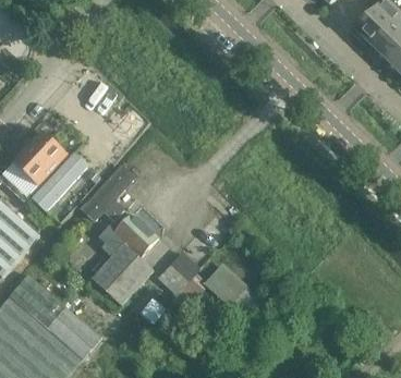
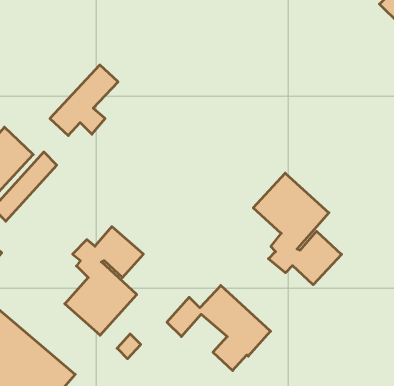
building: [78,162,135,221] -> [50,65,118,136]
building: none -> [253,173,342,285]
building: [156,249,199,294] -> none

